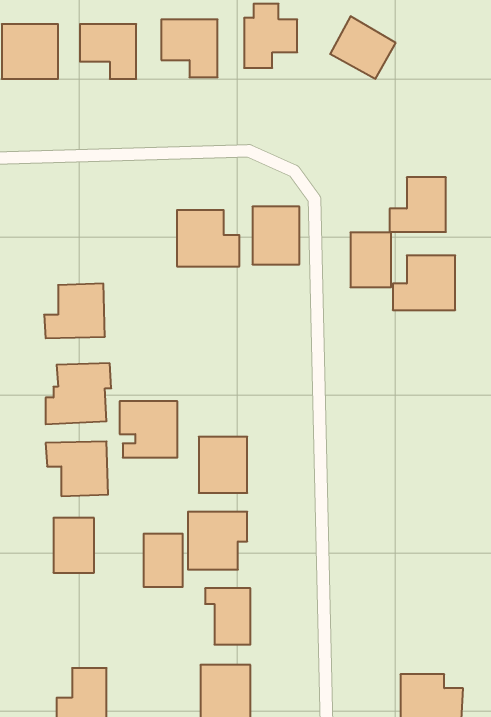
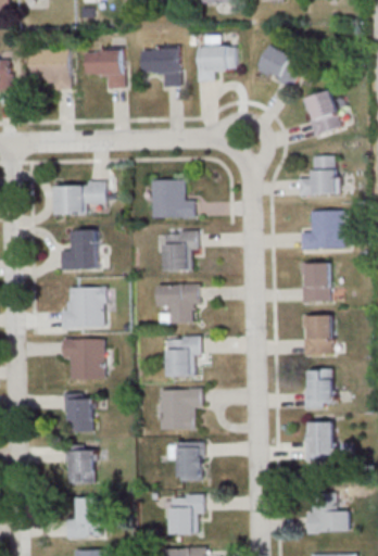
building: none -> [304,90,343,137]
building: [252,207,299,264] -> [165,230,198,270]
building: none -> [56,182,106,214]
building: [350,232,391,287] -> [302,263,330,301]
building: [120,401,177,458] -> [158,285,198,324]
building: none -> [304,316,332,354]
building: none -> [305,369,335,407]
building: [144,534,183,587] -> [70,446,97,483]
building: none -> [305,422,336,459]

